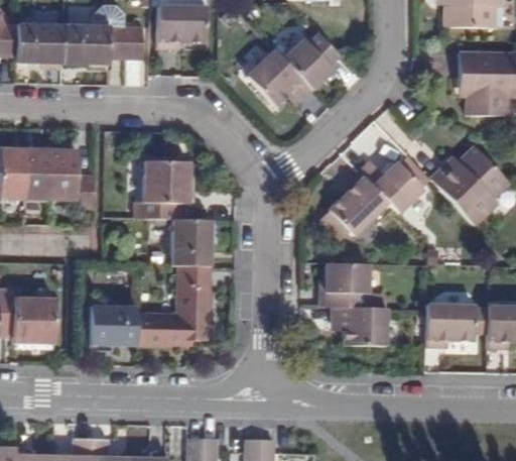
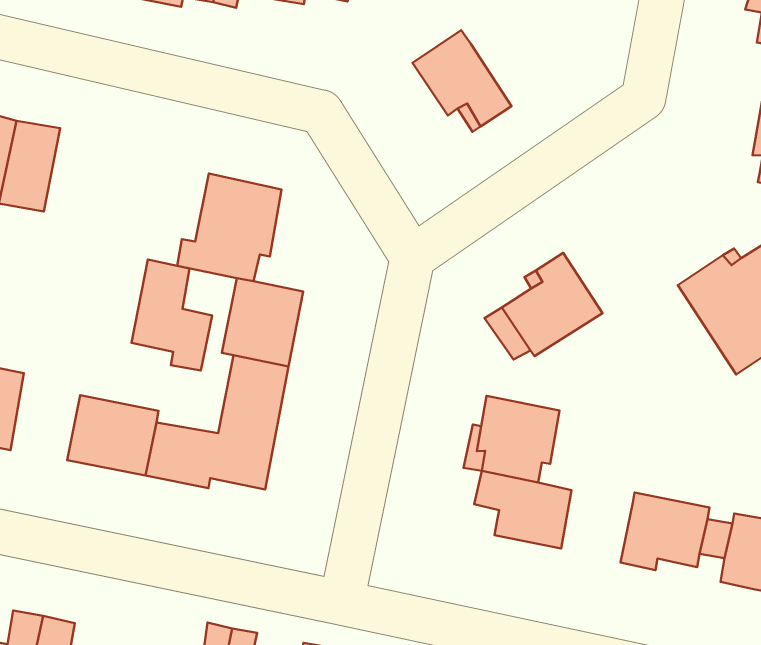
building: [283,32,340,90] -> none
building: [50,149,95,209] -> [132,260,212,370]
building: [359,159,423,213] -> none

